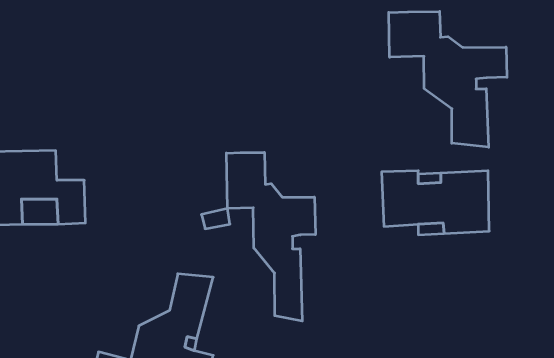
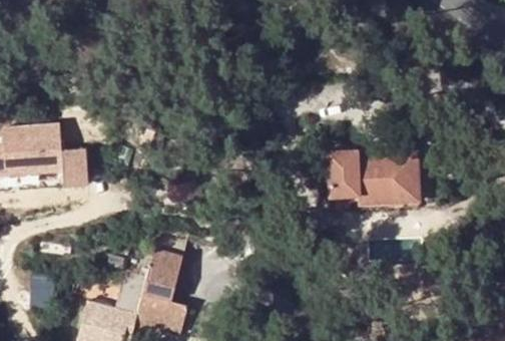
building: [389,11,507,147] -> none
building: [226,152,315,321] -> none

